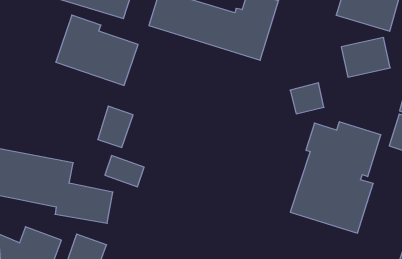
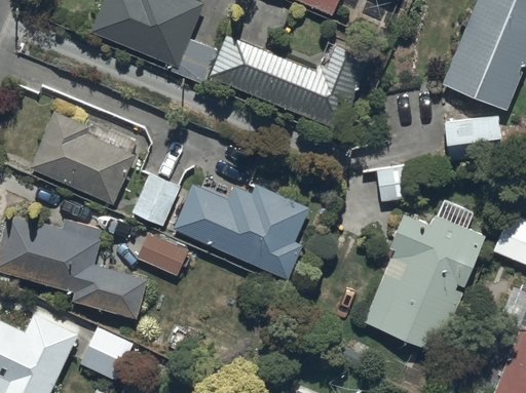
building: [56,15,138,85] -> [31,111,135,203]
building: none -> [174,185,309,279]

